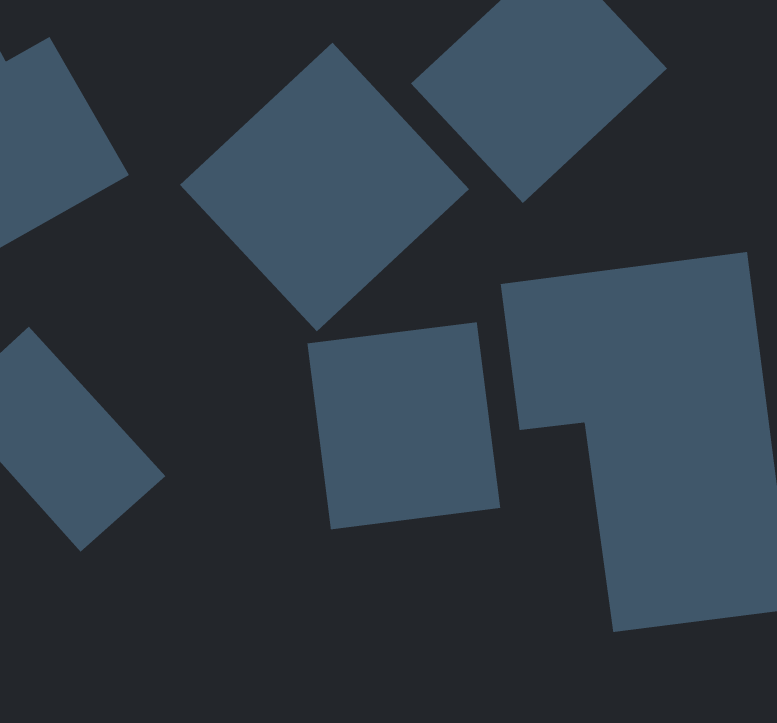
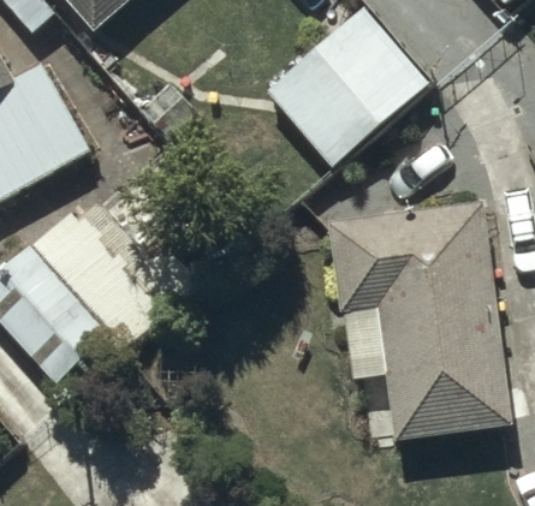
building: [179,42,470,332] -> none
building: [307,321,501,530] -> none

